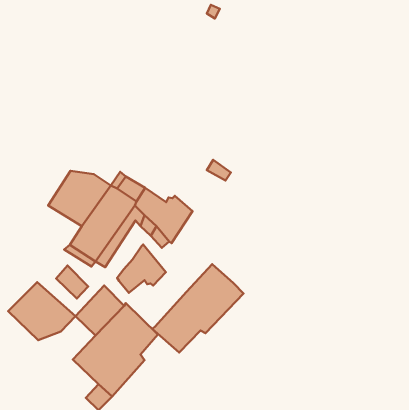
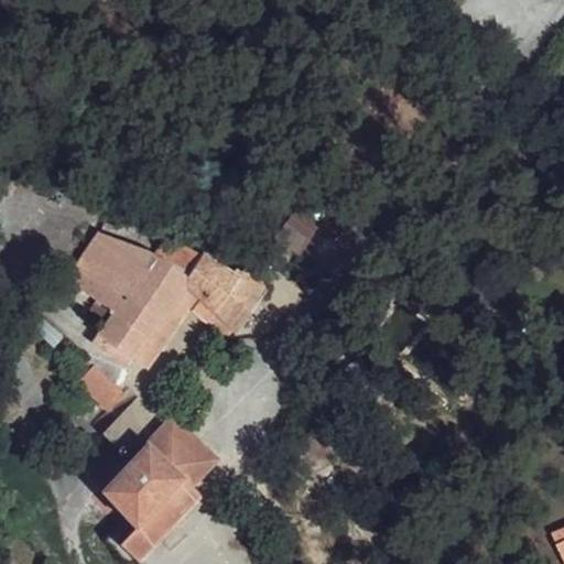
building: [117,245,166,293] -> none
building: [152,264,244,352] -> none
building: [8,282,75,340] -> none

